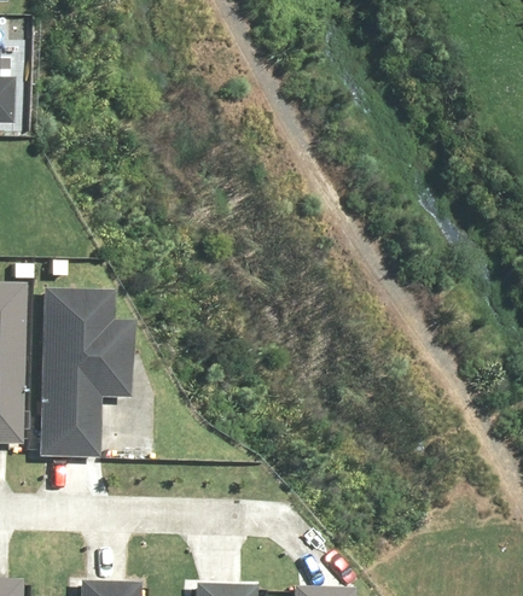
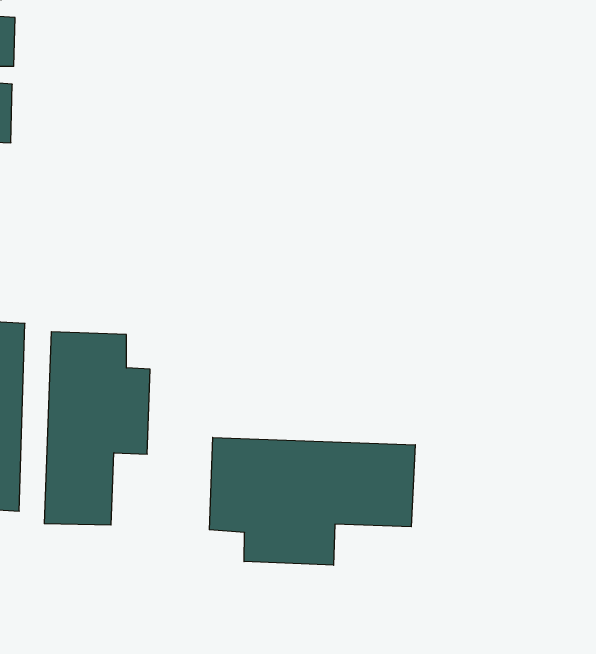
building: none -> [209,437,415,565]

